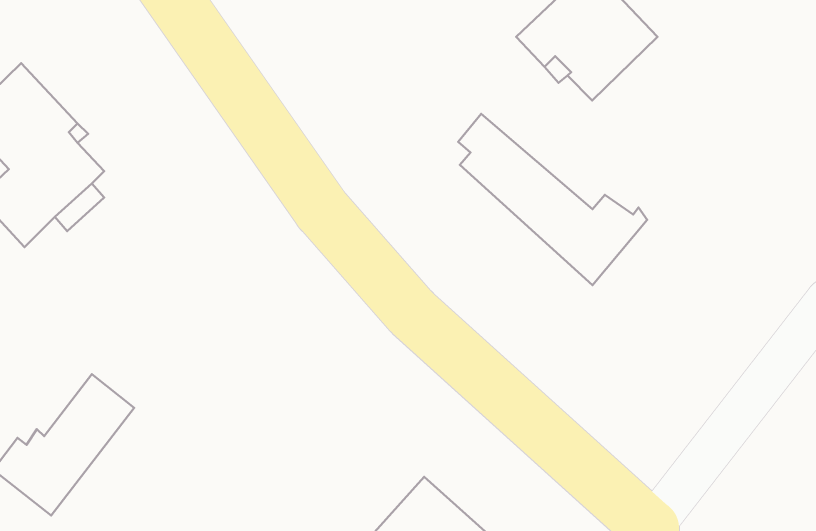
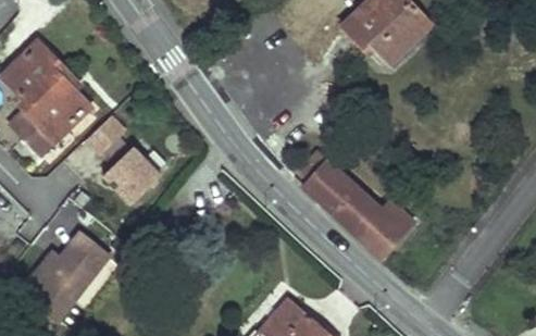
building: [458,114,647,285] -> [301,153,417,259]
building: none -> [87,115,161,204]

